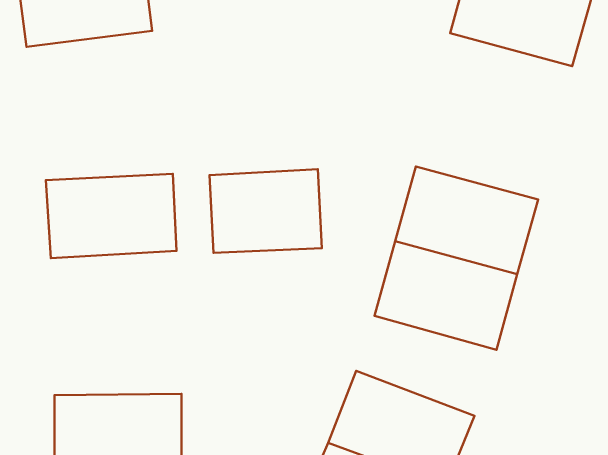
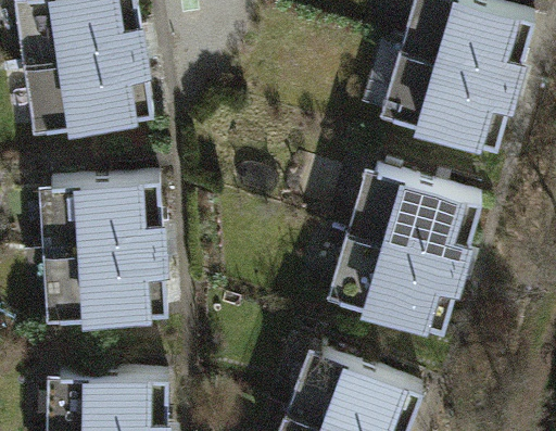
building: none -> [24,53,144,136]
building: none -> [382,55,509,151]
building: [210,169,322,253] -> none
building: none -> [46,249,162,324]

